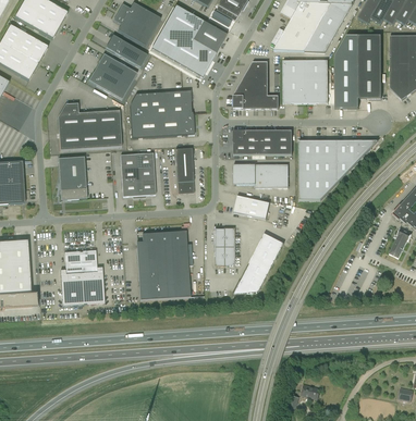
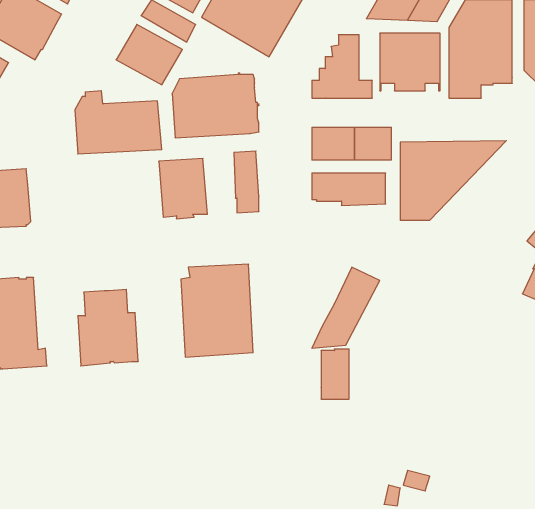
building: [58,156,87,199] -> none
building: [233,195,269,218] -> none
building: [213,227,234,264] -> [321,349,349,399]

